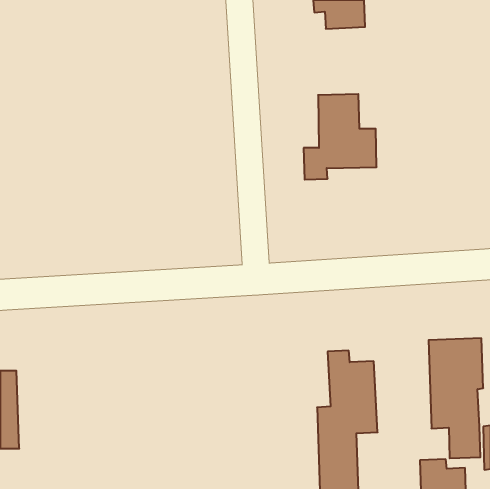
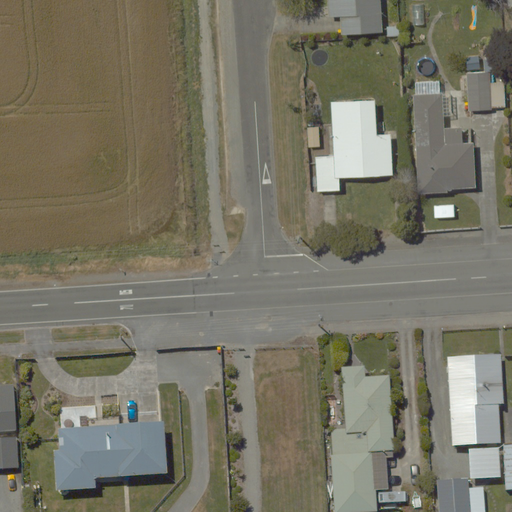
building: none -> [467,71,505,109]
building: none -> [414,90,476,191]
building: none -> [53,422,164,490]

